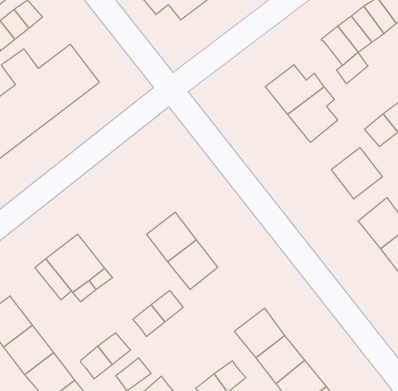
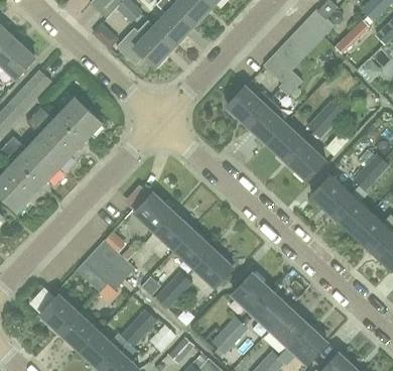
building: none -> [266,123,304,161]
building: none -> [134,193,173,232]
building: none -> [193,248,232,287]

